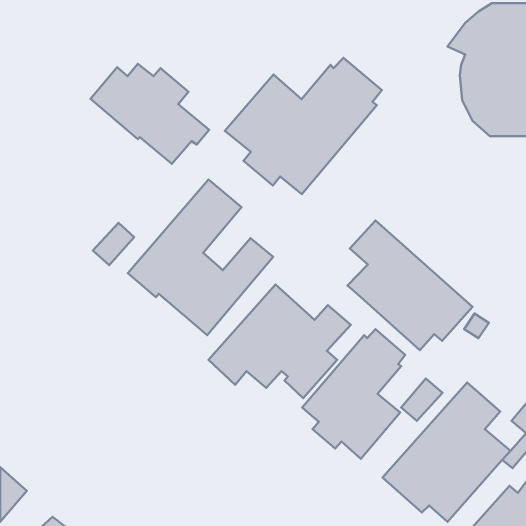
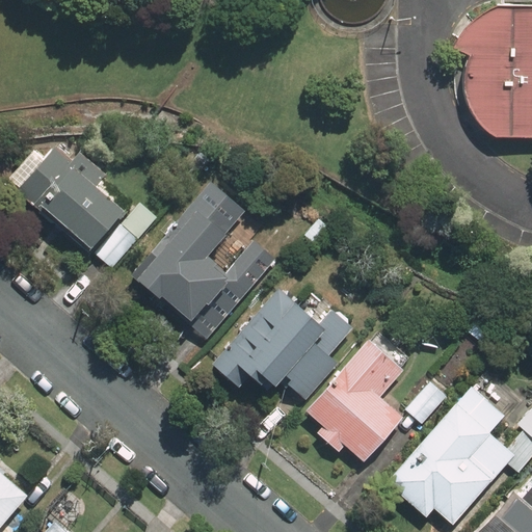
building: [225,58,382,194] -> none
building: [90,64,209,164] -> [8,147,128,247]
building: [348,220,472,350] -> none

